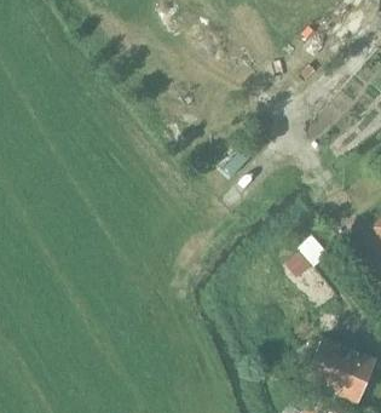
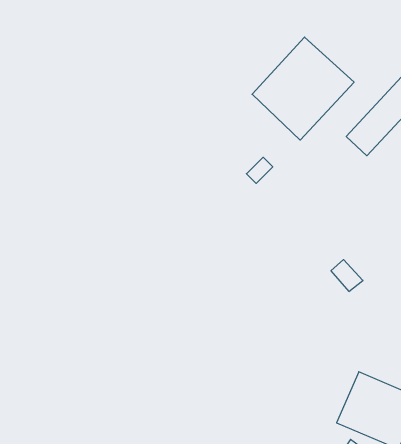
building: none -> [252,37,354,140]

